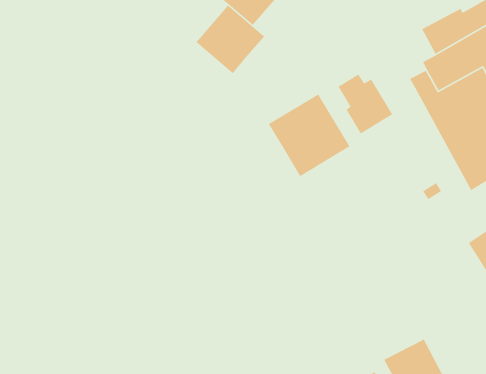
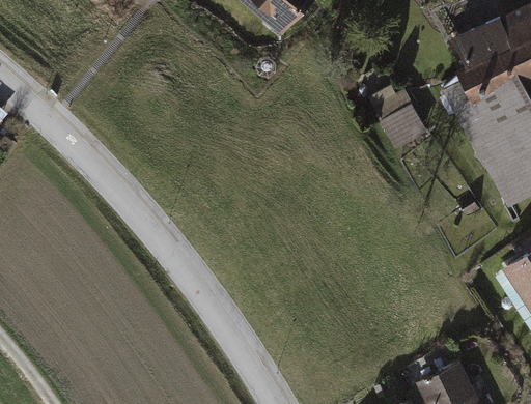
building: [196,4,265,74] -> none
building: [268,93,351,177] -> none

